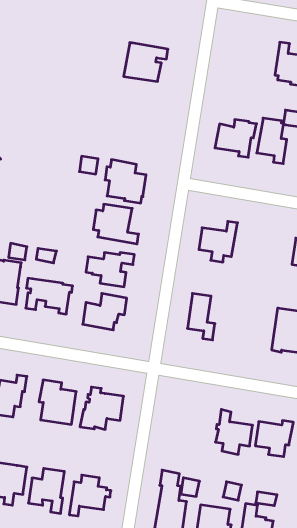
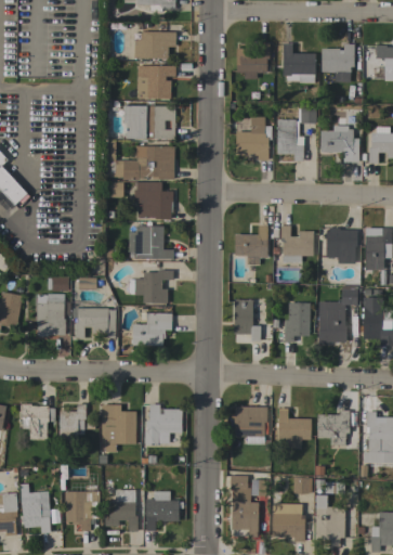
building: none -> [134,31,175,59]
building: none -> [236,43,270,78]
building: none -> [123,105,175,139]
building: none -> [105,140,174,180]
building: none -> [280,225,313,262]
building: none -> [284,302,310,341]
building: none -> [234,406,266,438]

